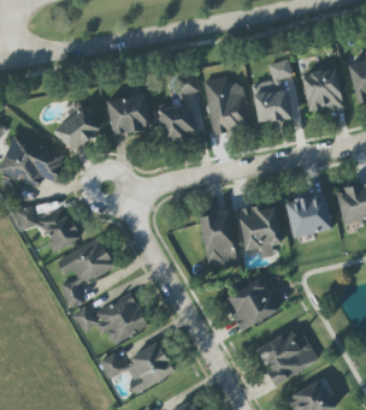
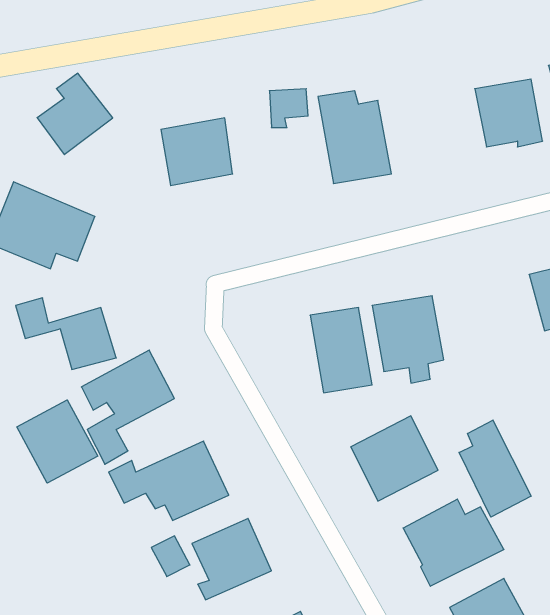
building: [252,59,293,124] -> none
building: [54,101,101,151] -> [37,73,113,155]
building: [158,102,194,142] -> none
building: [285,192,333,238] -> none
building: none -> [17,400,98,483]
building: none -> [459,420,531,517]

